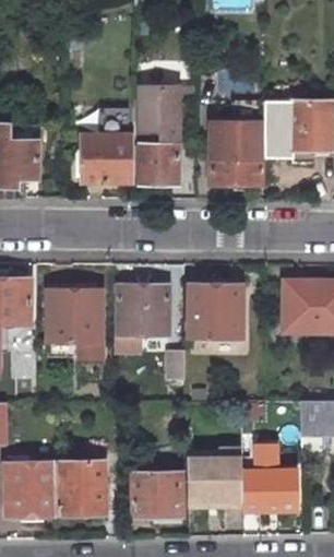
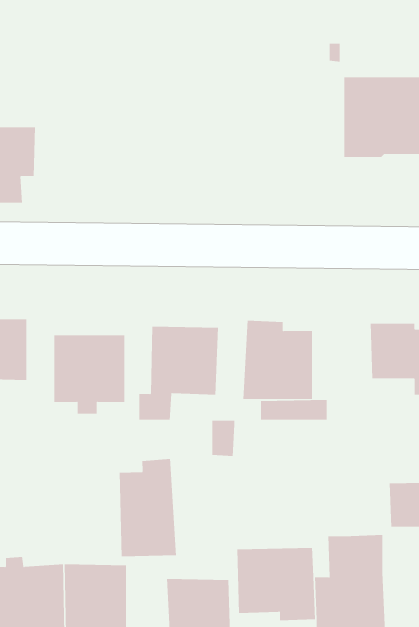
building: [140,84,180,180] -> none
building: [211,121,265,188] -> none
building: [83,132,133,178] -> none
building: none -> [119,458,176,557]

